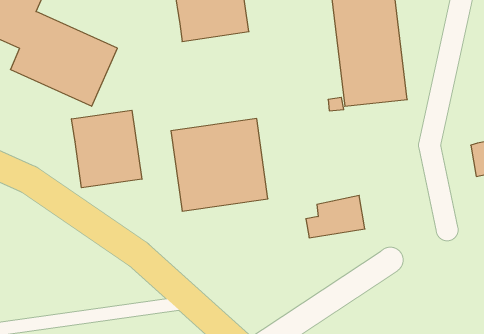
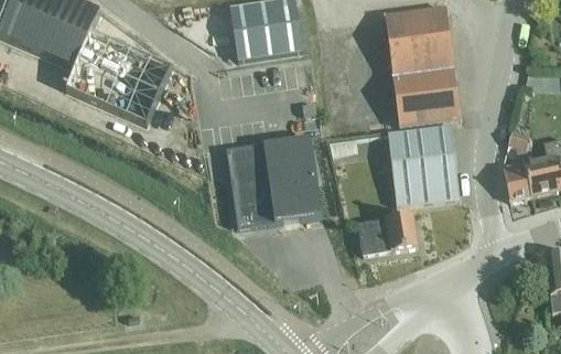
building: none -> [388,125,460,204]
building: [72,110,142,188] -> none
building: none -> [501,131,530,197]

